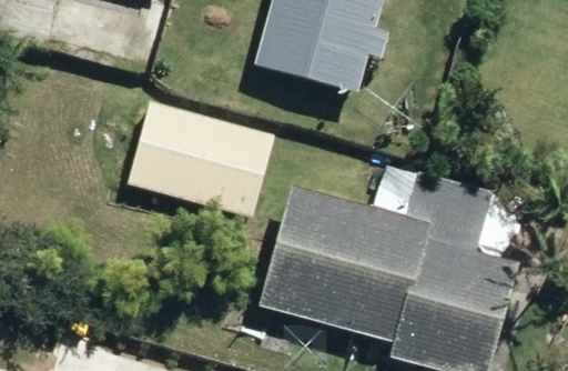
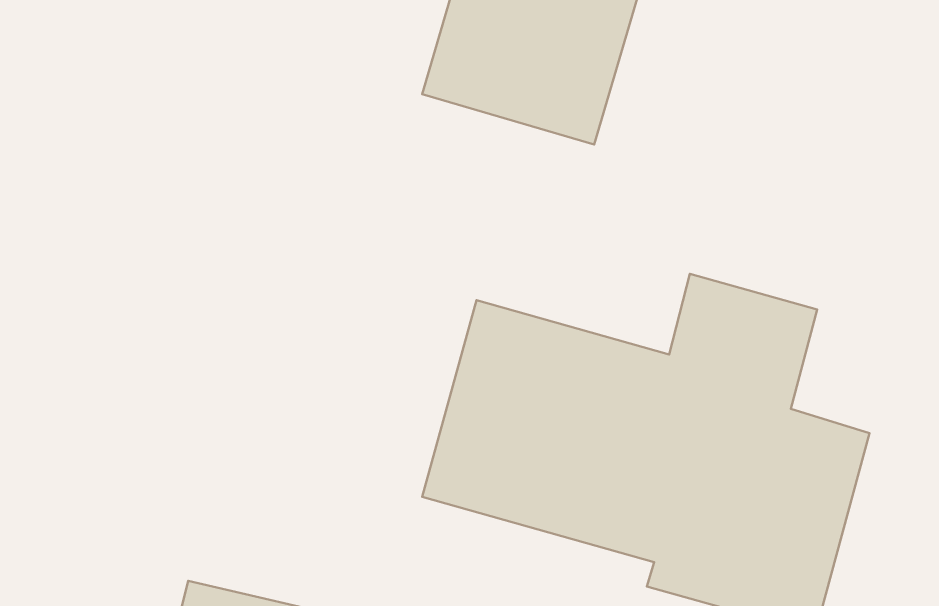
building: [124,102,270,218] -> none

